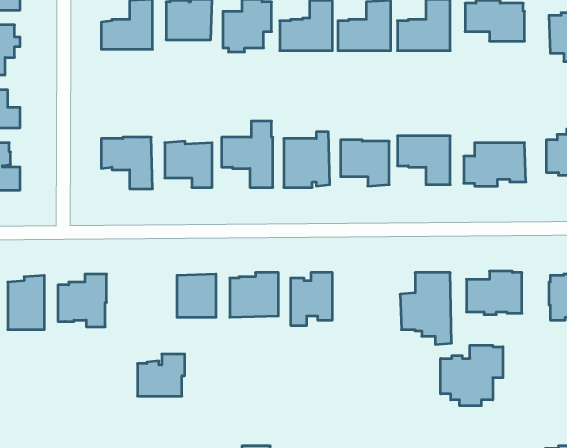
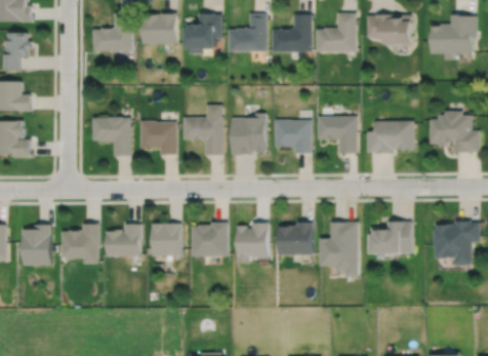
building: none -> [277,221,313,253]
building: [441,345,503,406] -> none
building: [137,354,185,396] -> [104,223,139,254]

